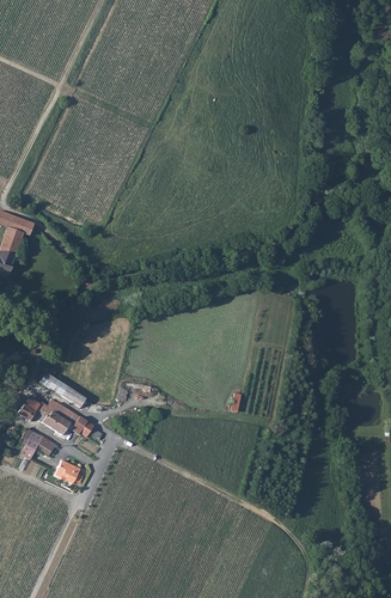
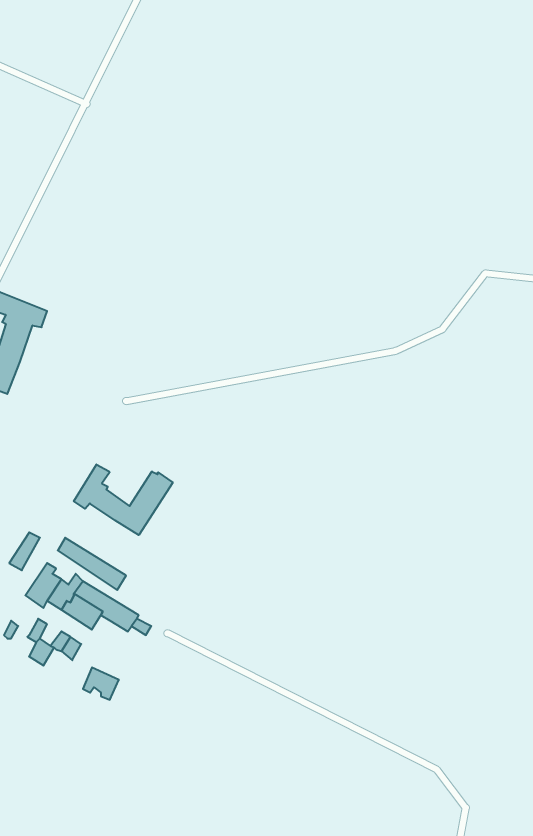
building: none -> [74,464,173,535]

